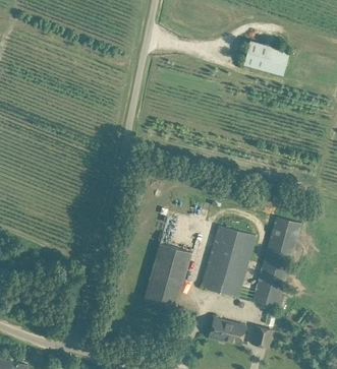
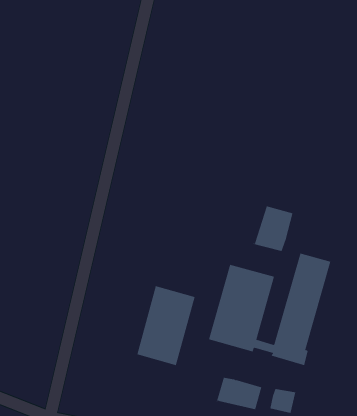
building: [243,40,289,74] -> none
building: none -> [251,206,293,252]

